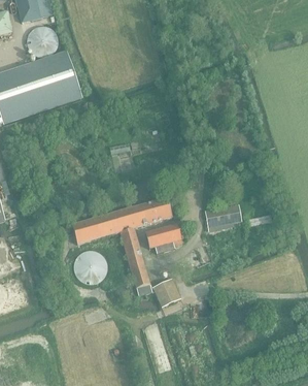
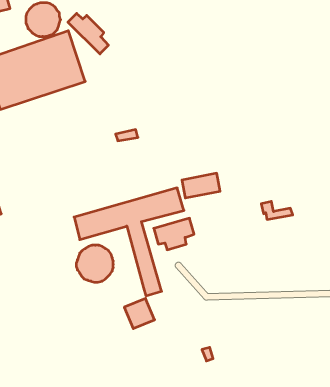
building: none -> [68,13,108,54]
building: [205,203,240,226] -> [182,173,220,198]
building: [152,278,180,305] -> [124,298,155,329]

